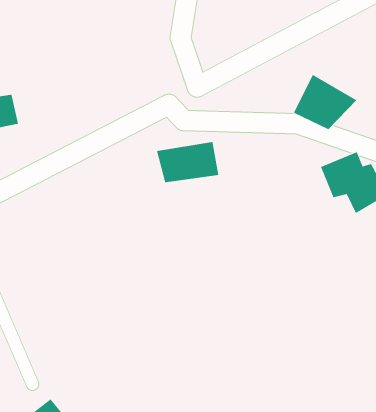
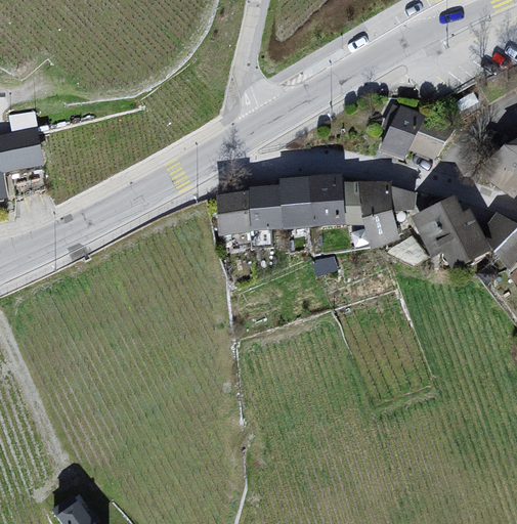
building: none -> [358,175,418,249]
building: none -> [277,176,347,228]

